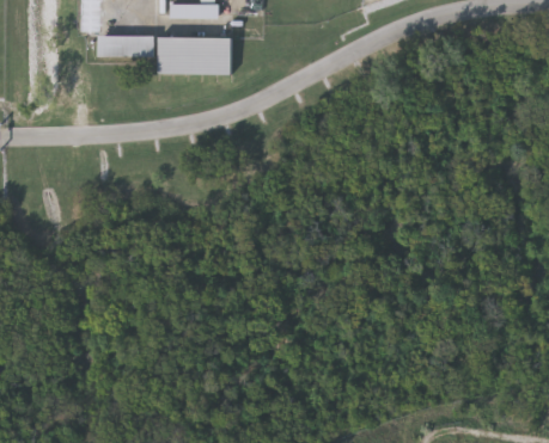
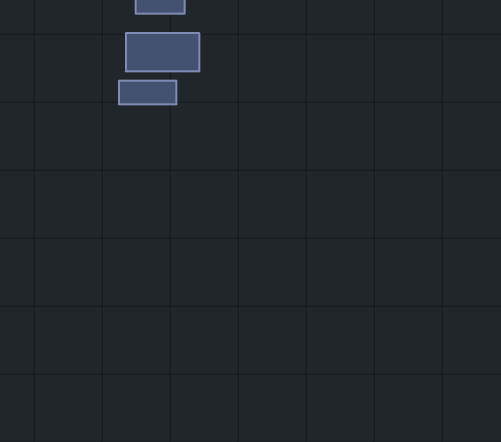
building: [99,35,155,57] -> [119,81,177,104]

